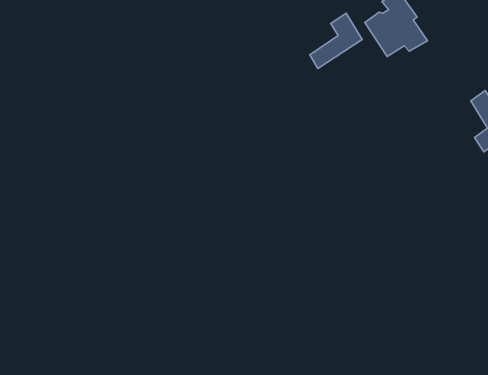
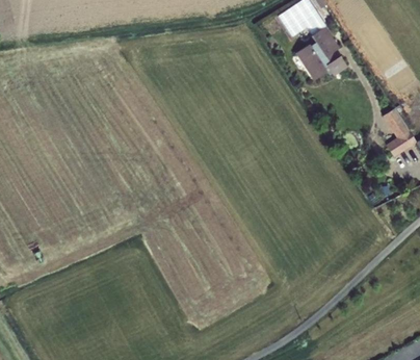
building: [310,13,362,69] -> none

